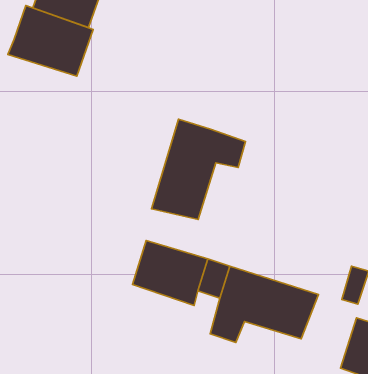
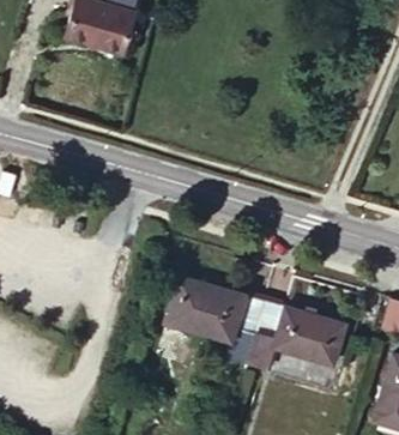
building: [8,5,93,76] -> none
building: [152,119,246,220] -> none

